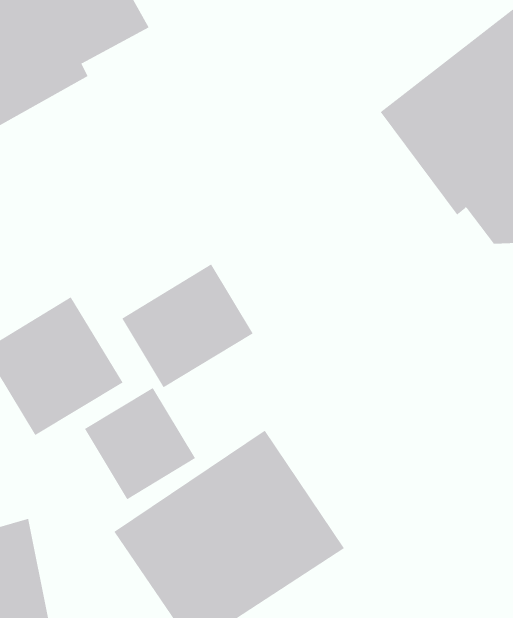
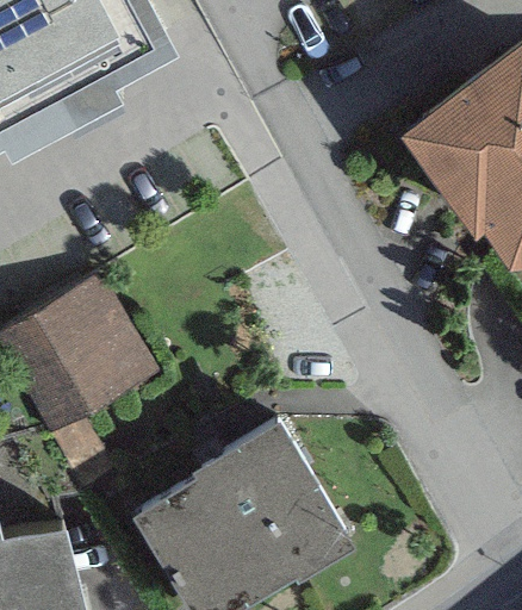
building: [121,264,253,388] -> none
building: [84,387,196,500] -> none

